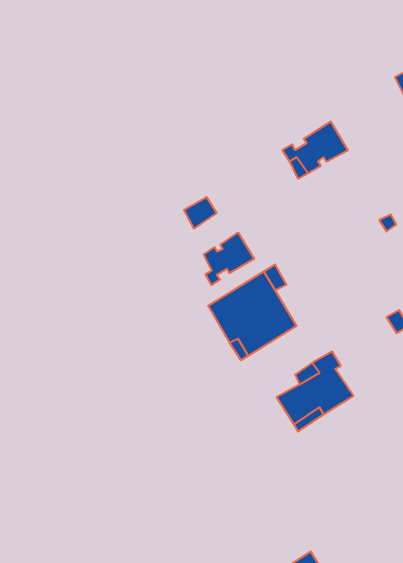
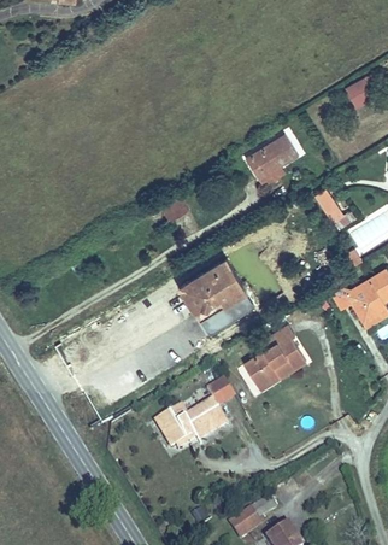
building: [204,233,254,285] -> none
building: none -> [158,375,235,445]

